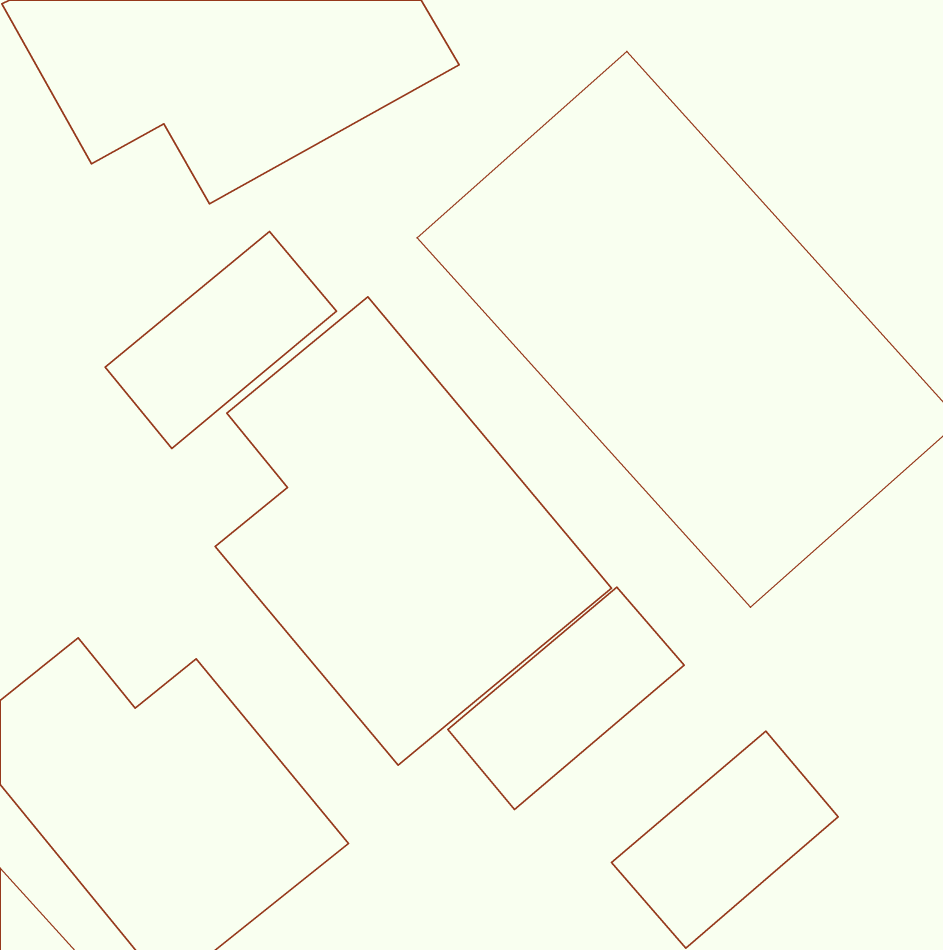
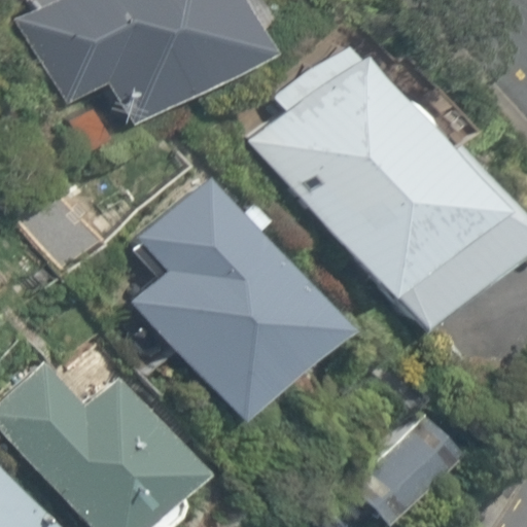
building: [105,231,337,449] -> none
building: [448,587,684,810] -> none

